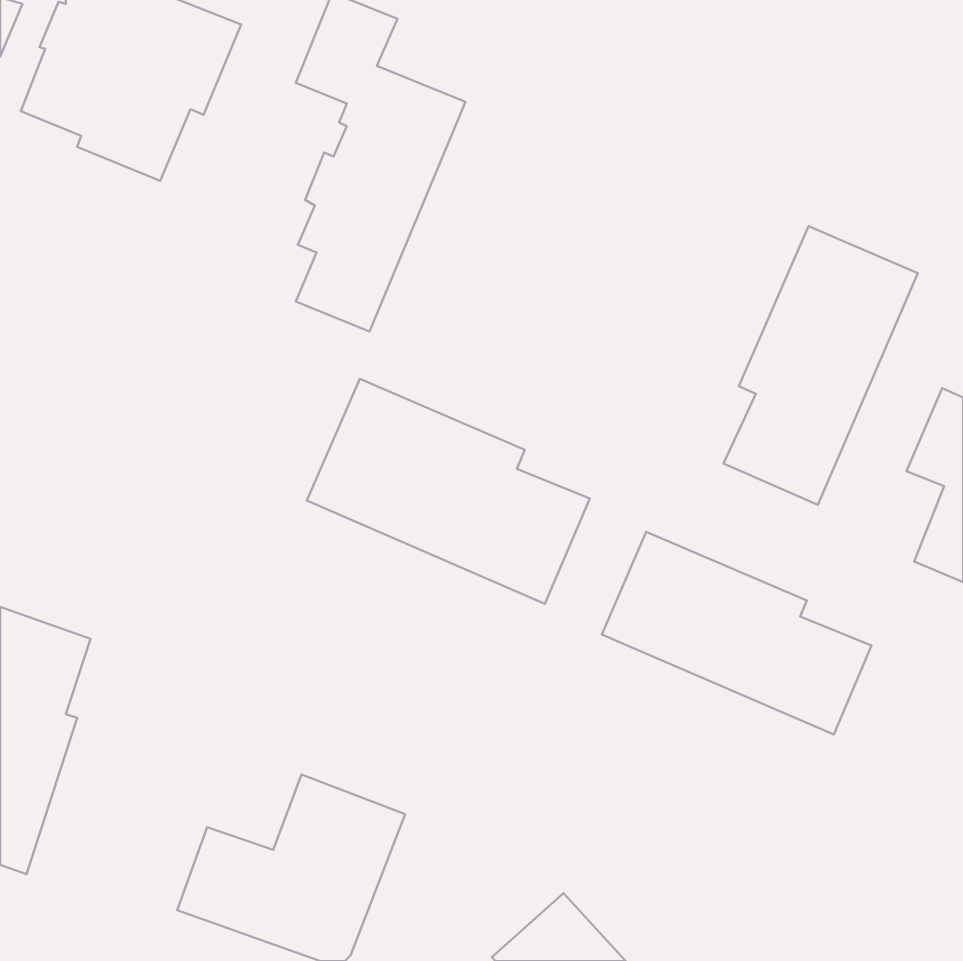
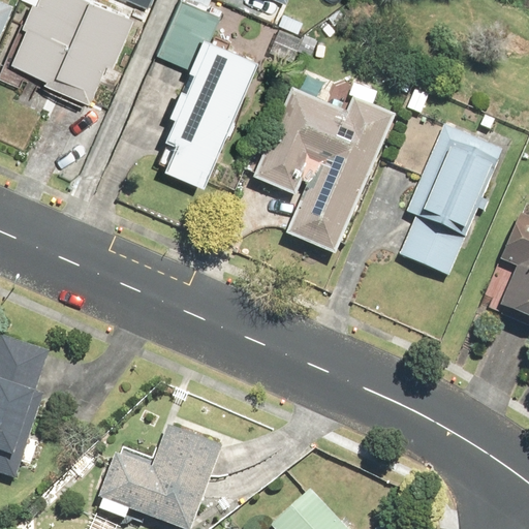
building: none -> [250,88,395,256]
building: [307,379,590,604] -> none
building: [602,532,871,734] -> none

